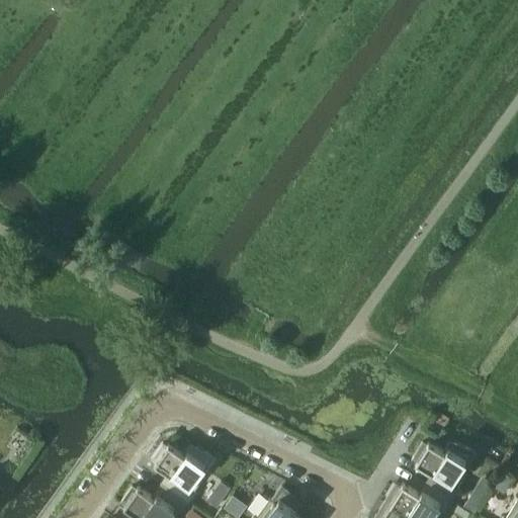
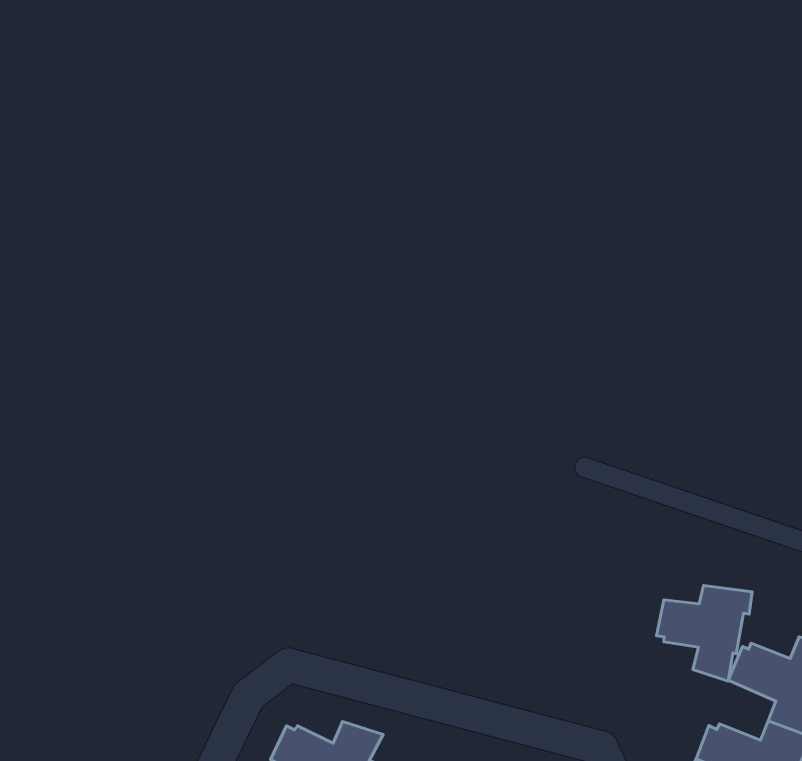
building: none -> [656,585,752,681]

